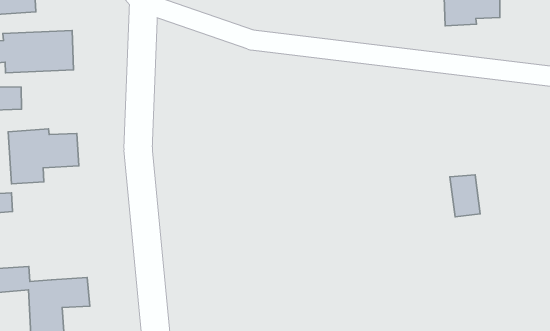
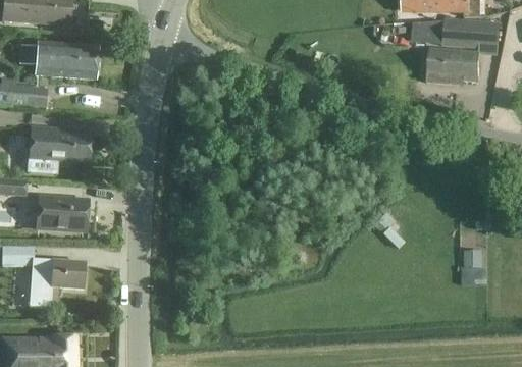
building: [450,175,480,217] -> [461,247,483,282]
building: none -> [35,196,86,231]

